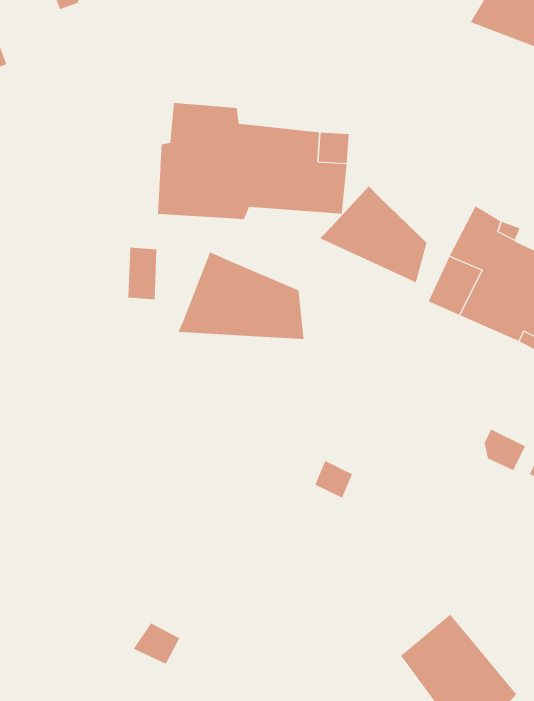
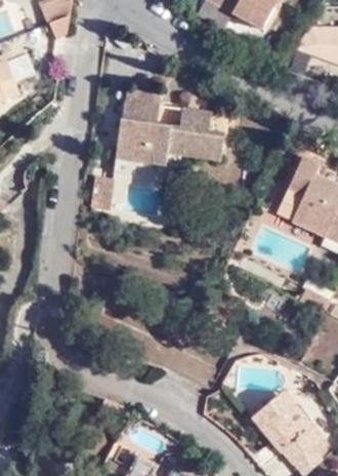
building: [319,186,427,283] -> none
building: [178,251,304,340] -> none

